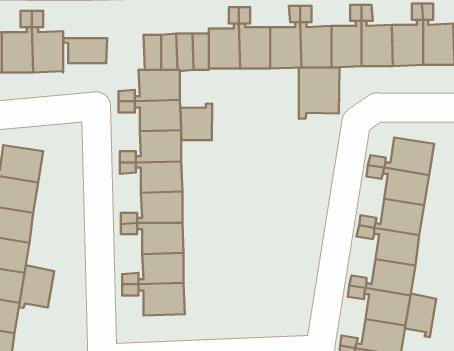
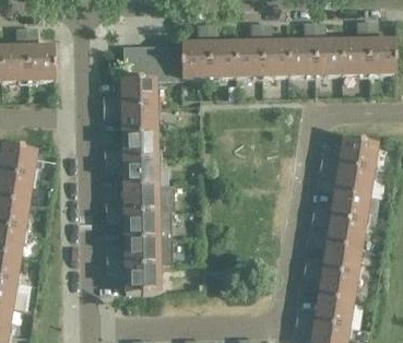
building: [63,38,107,63] -> none
building: [299,67,339,119] -> none
building: [180,104,212,141] -> none
building: [19,265,54,308] -> none
building: [405,293,436,337] -> none

